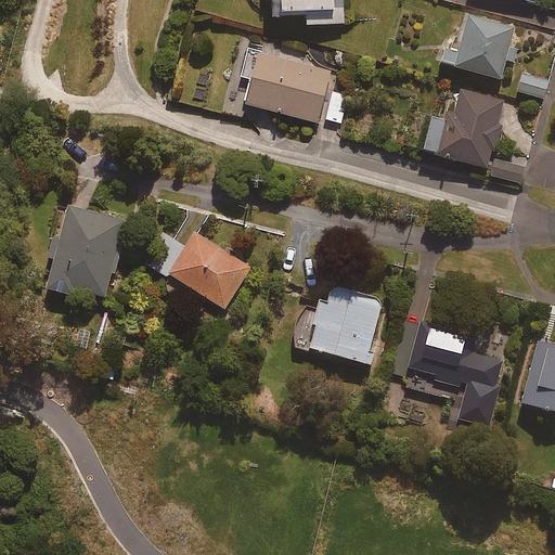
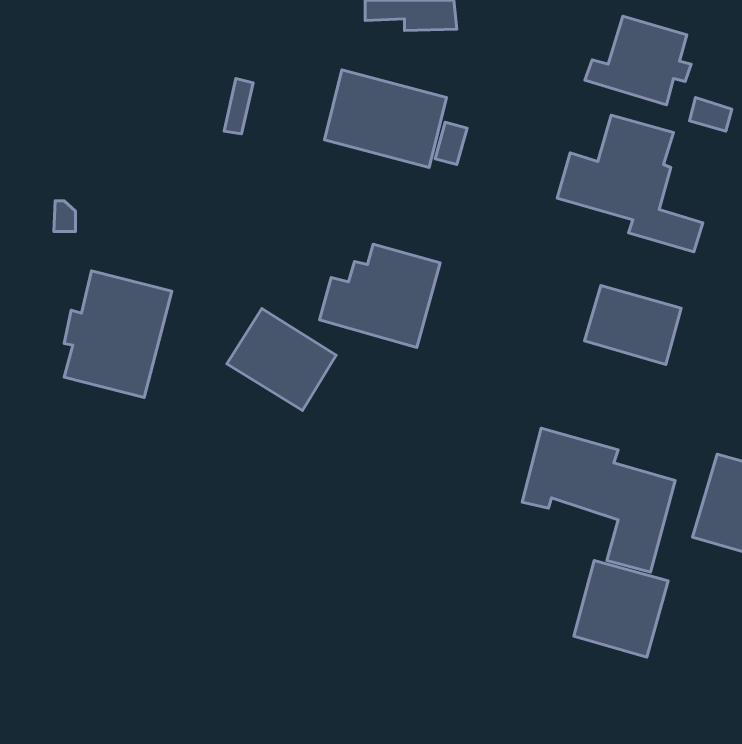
building: none -> [584,286,681,364]
building: [296,287,386,364] -> [319,244,440,347]
building: none -> [574,561,668,657]

